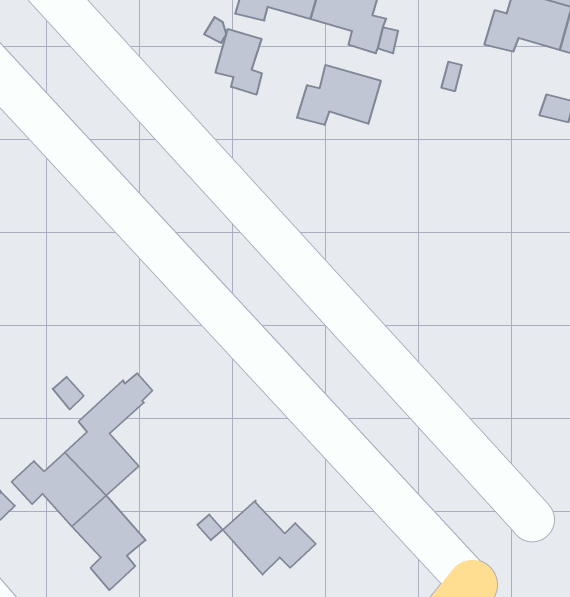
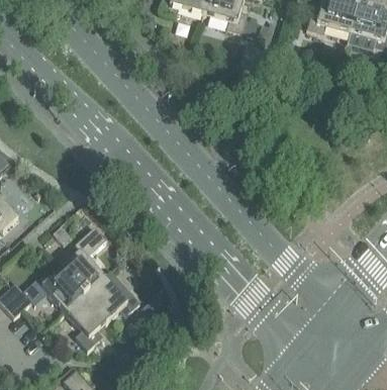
building: [216,29,262,95] -> none
building: [297,65,381,125] -> none
building: [223,501,316,575] -> [84,277,138,320]

